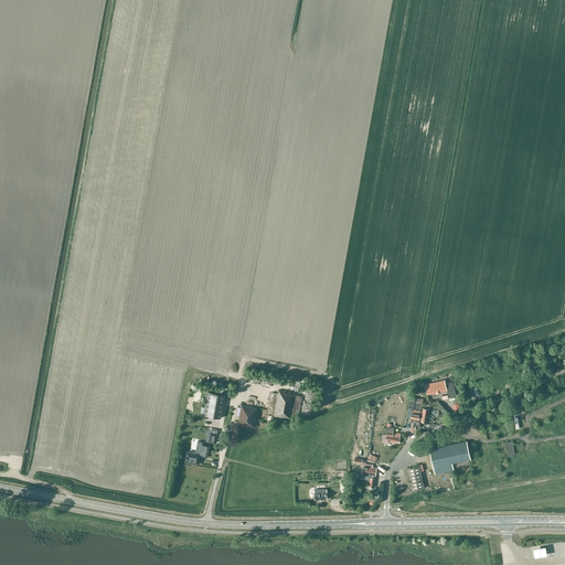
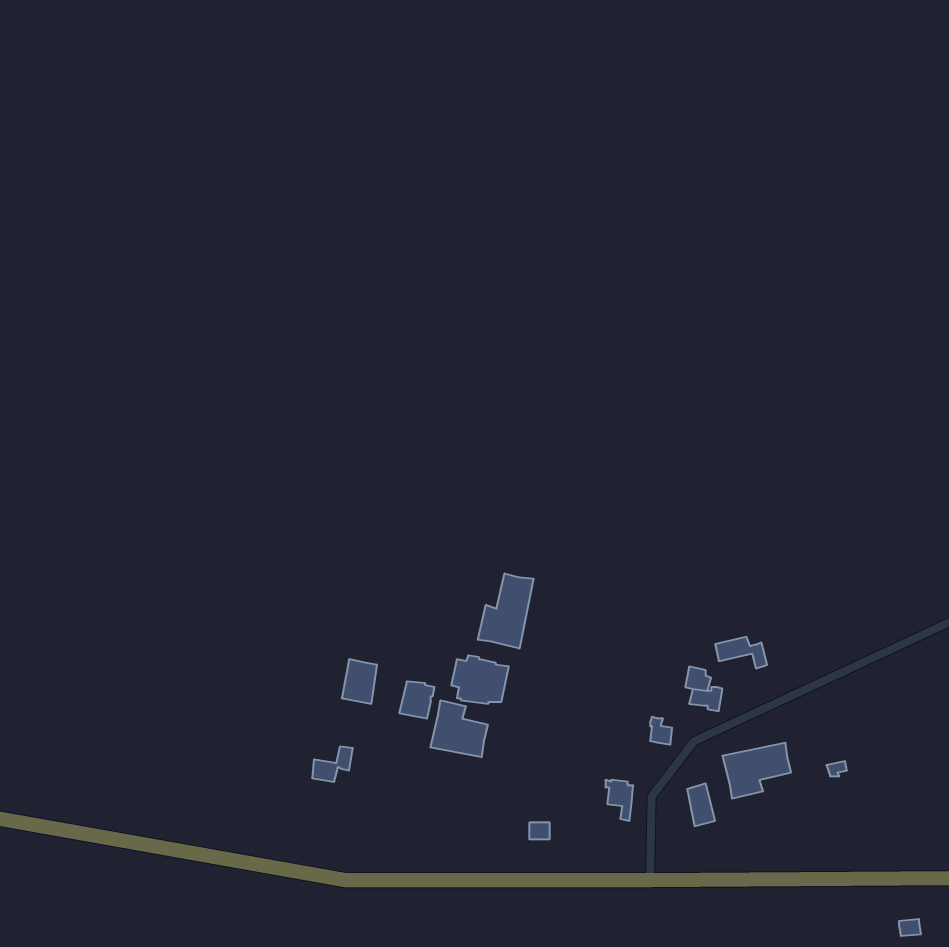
building: none -> [478,573,533,649]
building: none -> [431,700,488,757]

